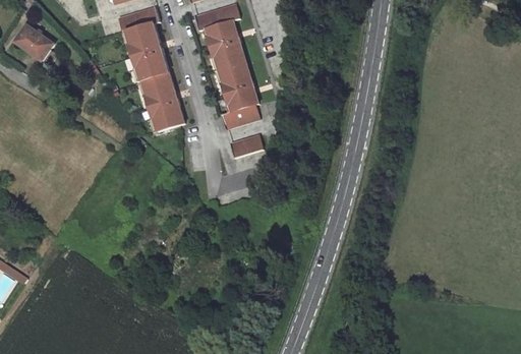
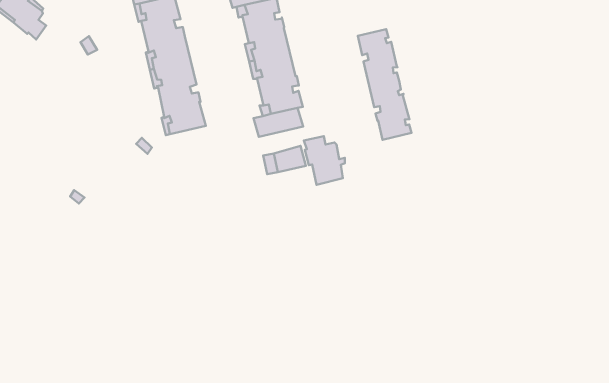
building: none -> [358,29,411,140]
building: none -> [304,136,345,185]

